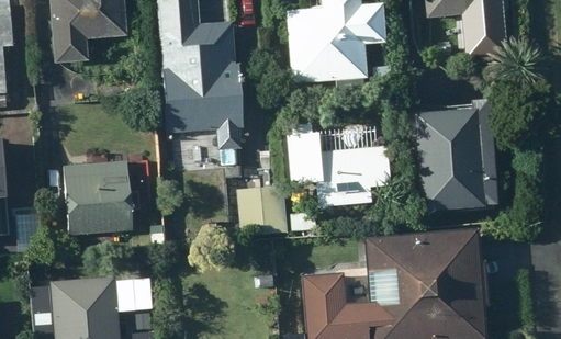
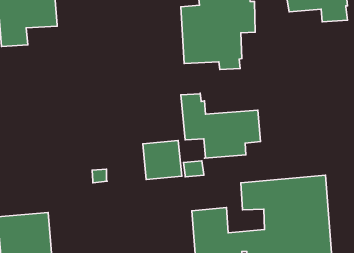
building: [157,18,244,148] -> none
building: [412,99,496,212] -> none
building: [66,159,132,234] -> none

